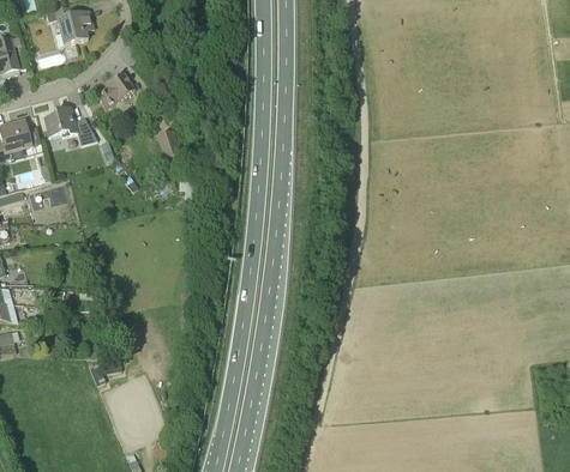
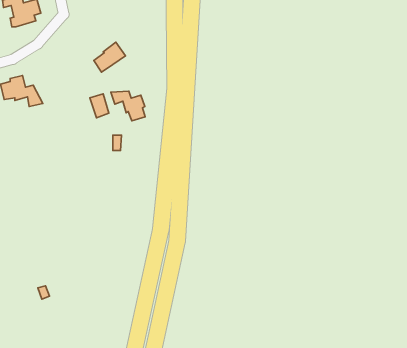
building: [96,71,136,108] -> [94,42,125,72]
building: none -> [111,91,145,121]

